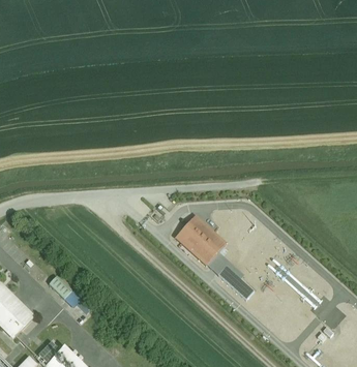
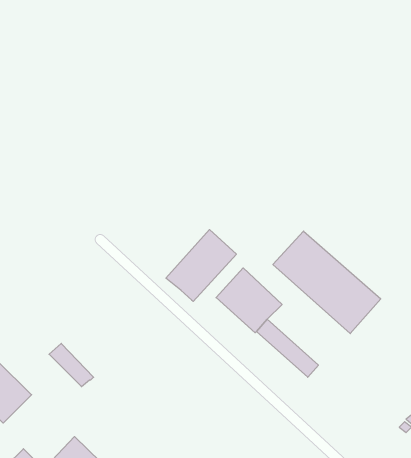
building: none -> [166,230,236,301]
building: none -> [273,231,381,334]

